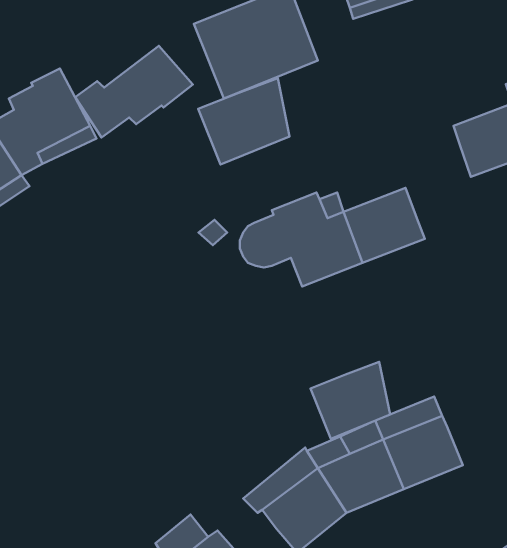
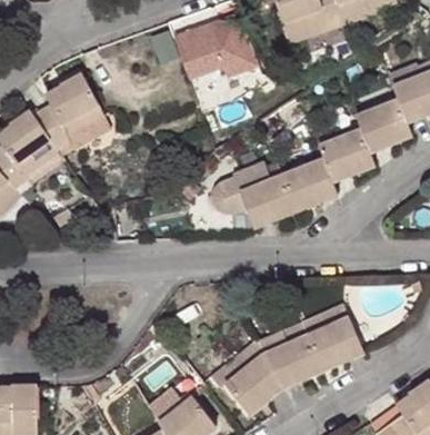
building: [75,46,193,138] -> none
building: [198,78,290,164] -> none
building: none -> [318,128,374,179]
building: [310,362,390,439] -> none

